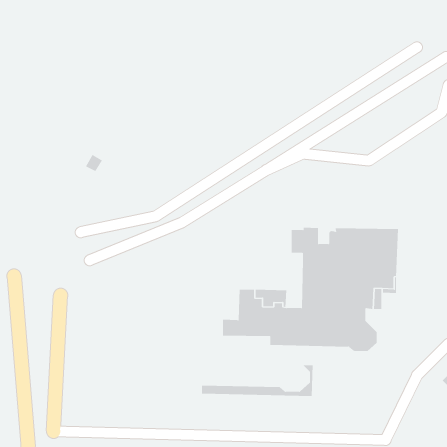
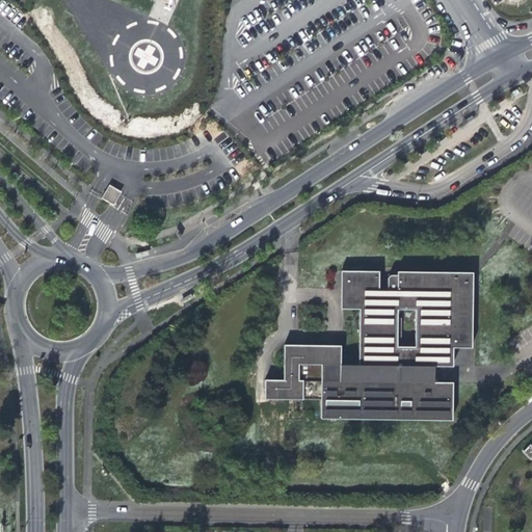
building: [201,365,313,396] -> [321,385,454,423]

